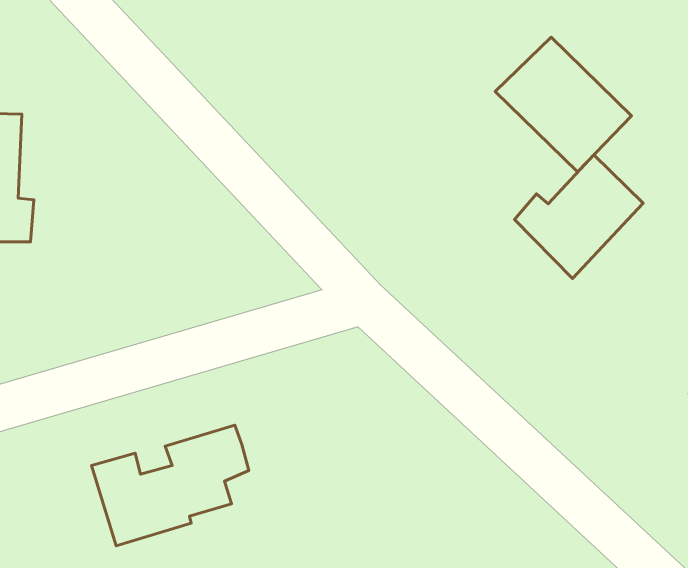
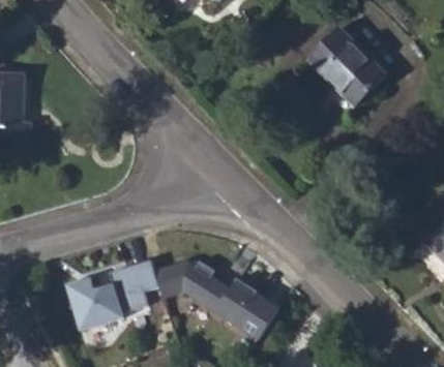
building: [515,155,643,278] -> none
building: none -> [154,257,280,338]

